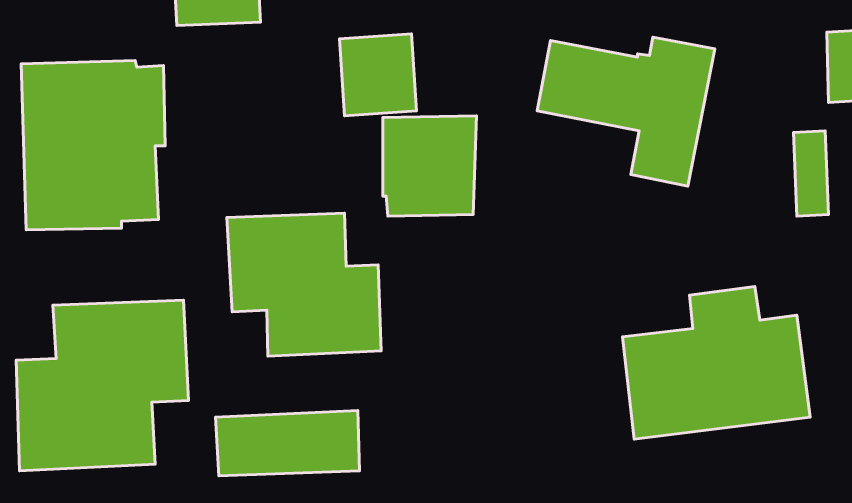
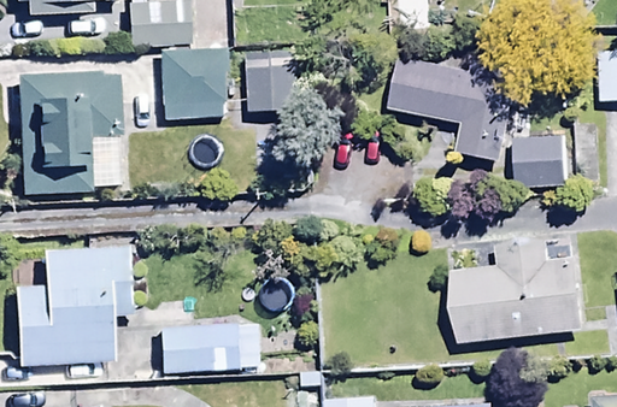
building: [383,116,477,216] -> [159,46,227,118]
building: none -> [513,135,565,187]
building: [227,213,381,356] -> none

